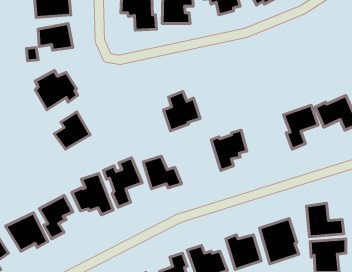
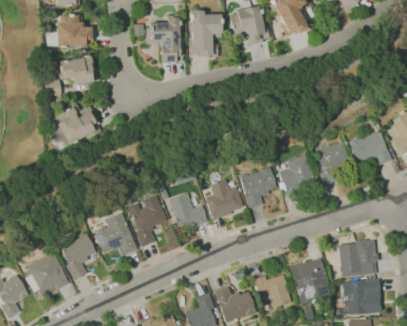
building: [164,92,200,131] -> [205,179,243,220]
building: [54,112,90,149] -> none
building: none -> [278,155,313,198]

